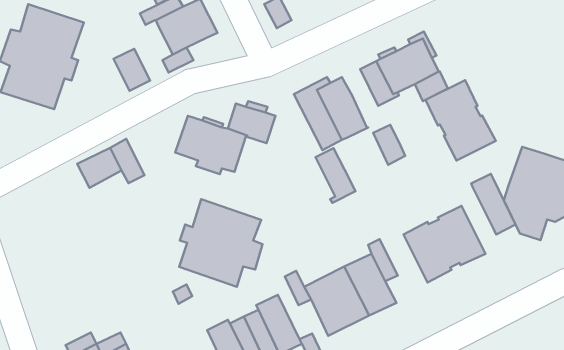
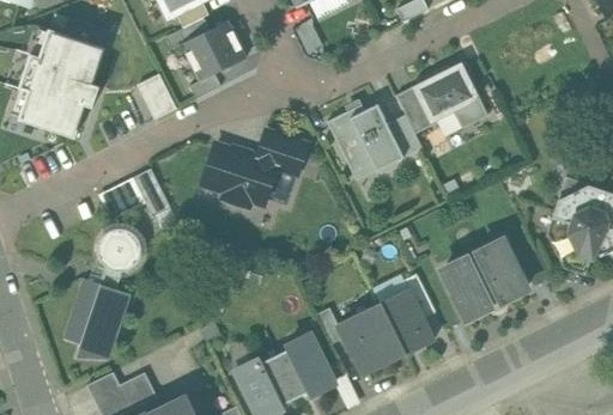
building: [426,80,496,161] -> none
building: [373,125,405,165] -> [387,115,420,157]
building: [316,148,355,203] -> none
building: [471,174,516,234] -> none
building: none -> [66,227,140,359]
building: [179,199,263,287] -> none

